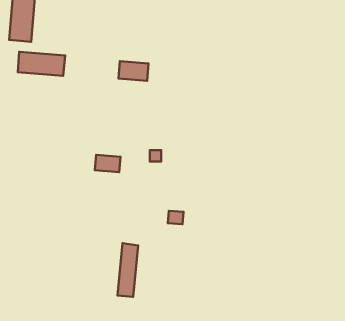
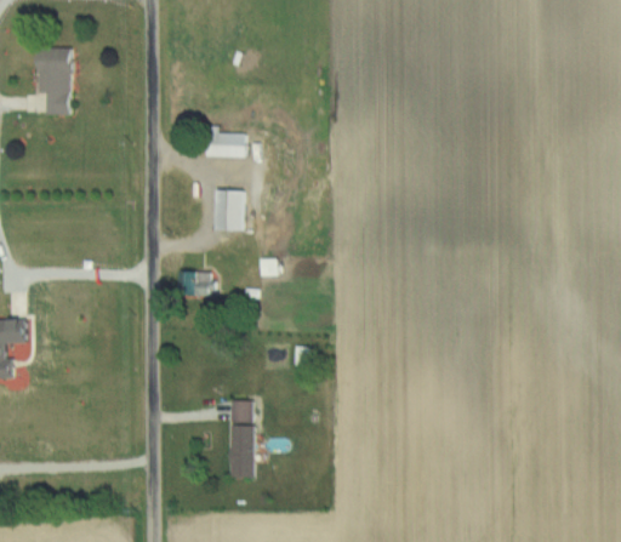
building: [18,52,65,76] -> none
building: none -> [216,189,244,230]

